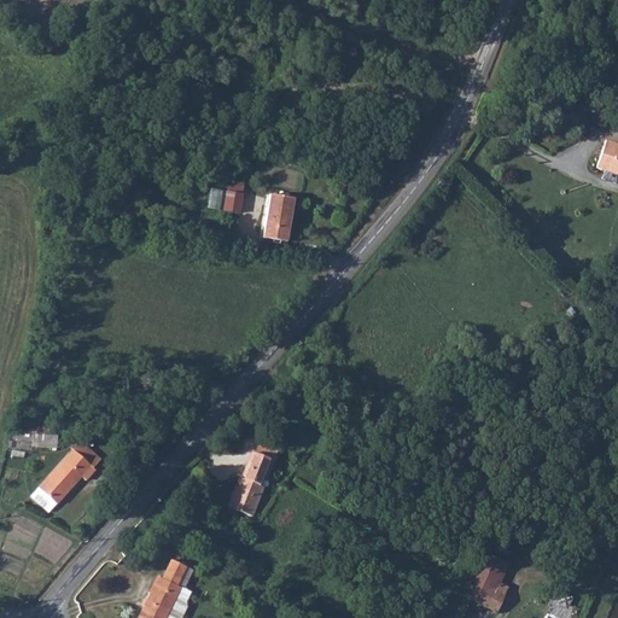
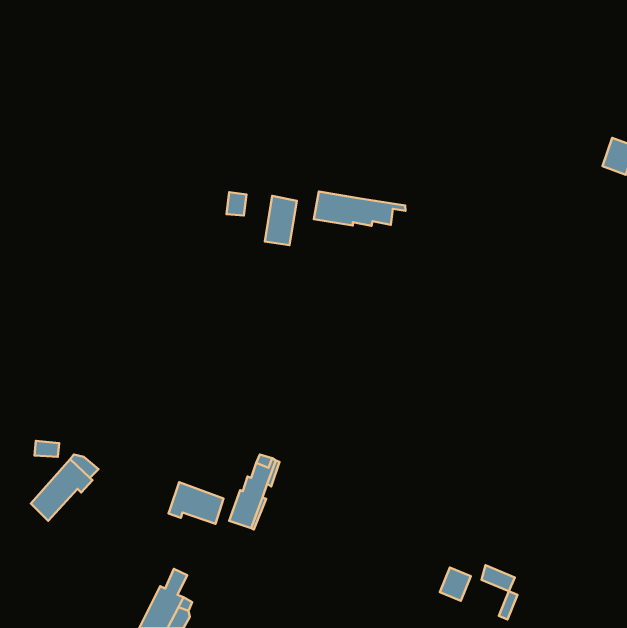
building: none -> [314,192,406,226]
building: none -> [169,482,223,524]
building: [471,571,501,604] -> [440,568,471,601]

